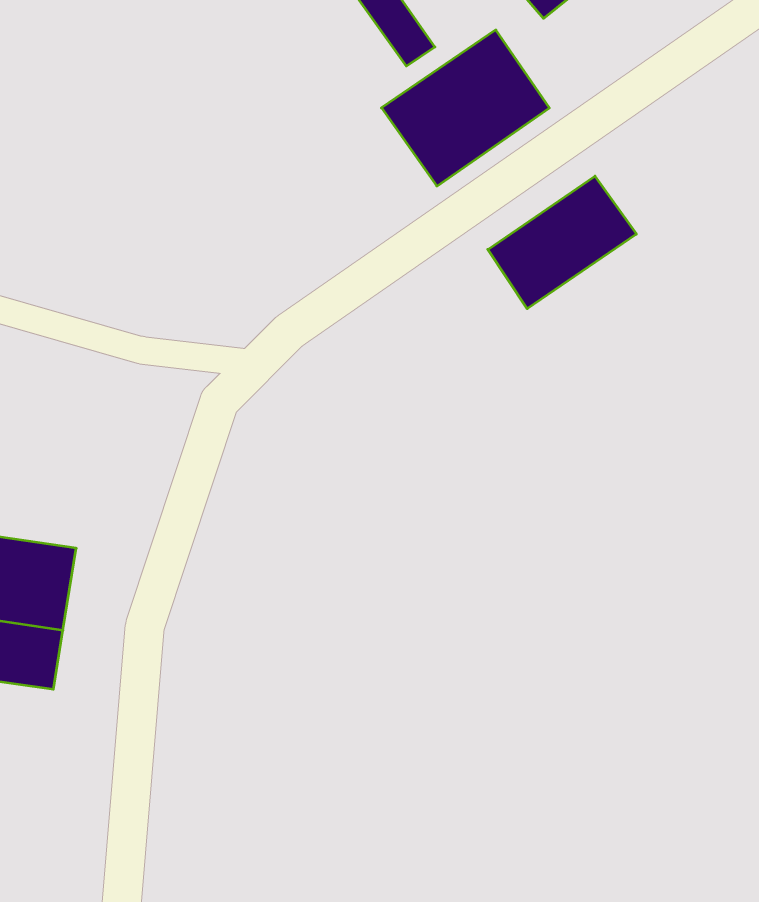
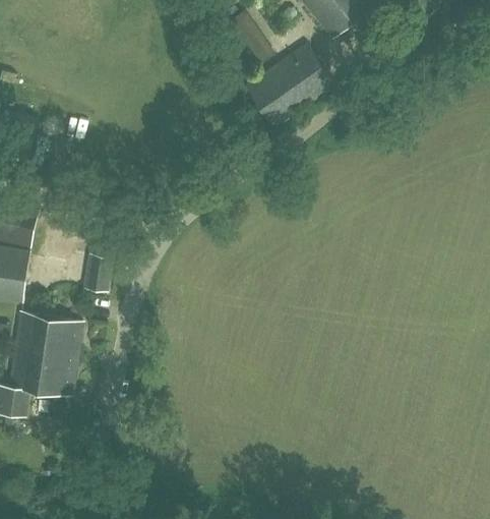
building: [488,176,636,309] -> none
building: none -> [80,253,112,292]

